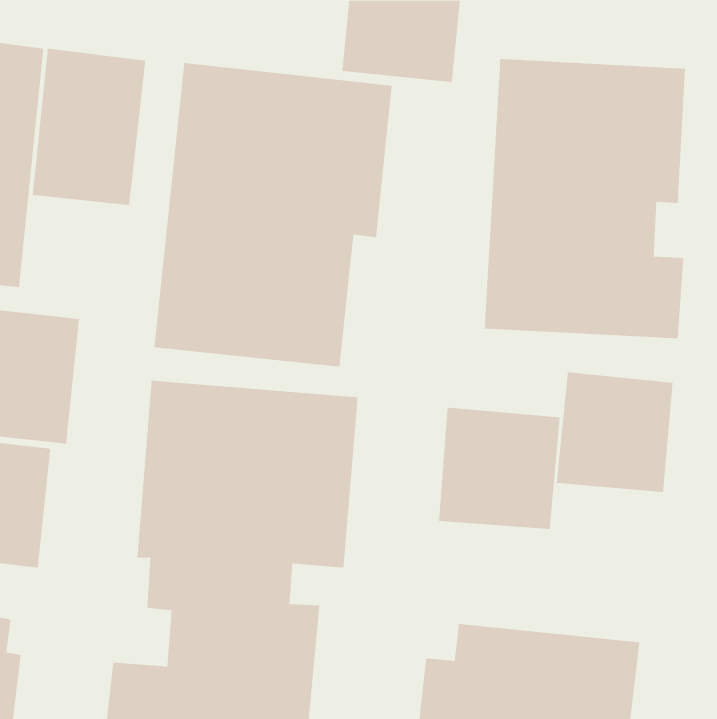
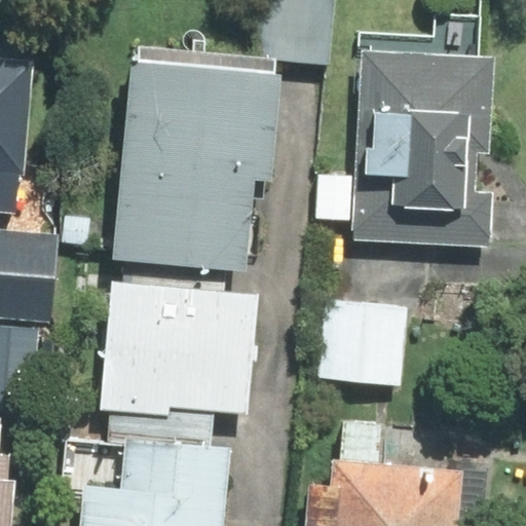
building: [32,48,146,206] -> none
building: [556,372,673,493] -> none

